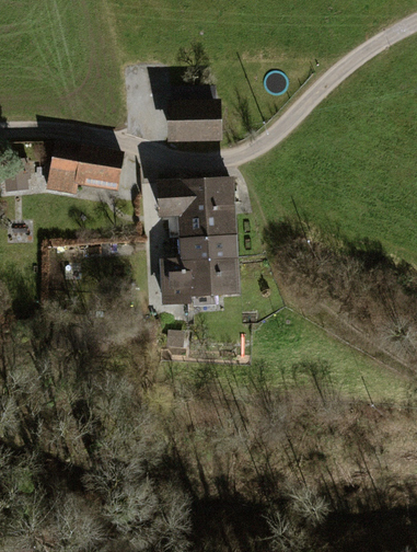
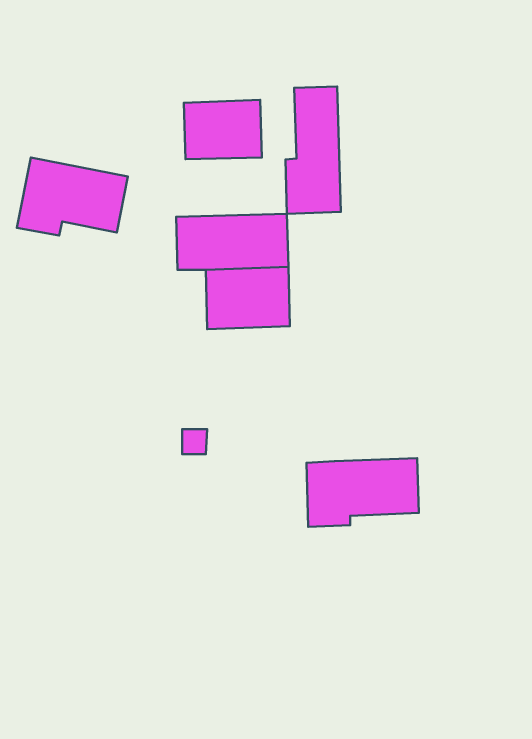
building: none -> [286,87,341,214]
building: [160,257,239,306] -> [306,458,419,527]

